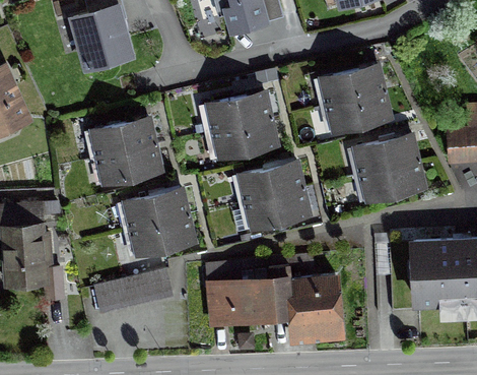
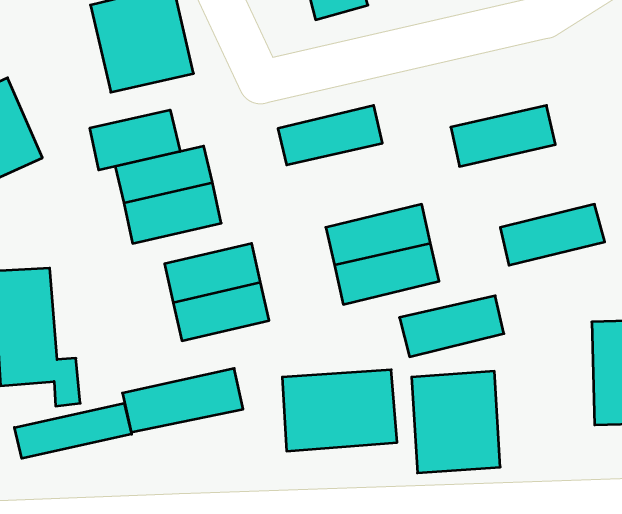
building: [314,61,387,103] -> none
building: none -> [90,110,180,170]
building: [205,114,278,158] -> none
building: [347,130,420,173] -> [399,296,504,357]
building: none -> [14,403,132,458]

